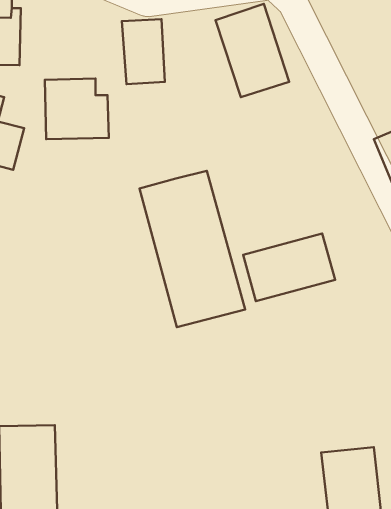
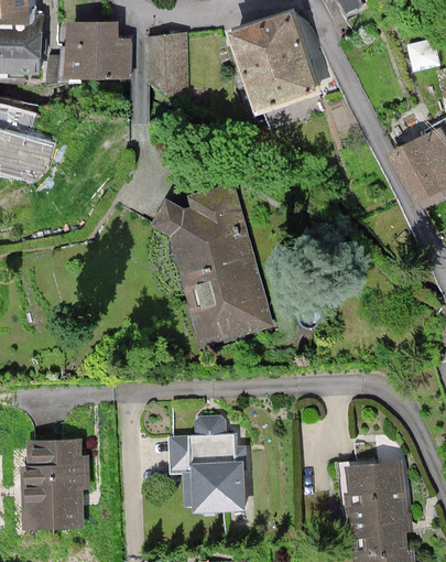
building: [45,79,109,139] -> [68,24,132,85]
building: [243,234,335,301] -> none
building: none -> [166,412,248,507]

